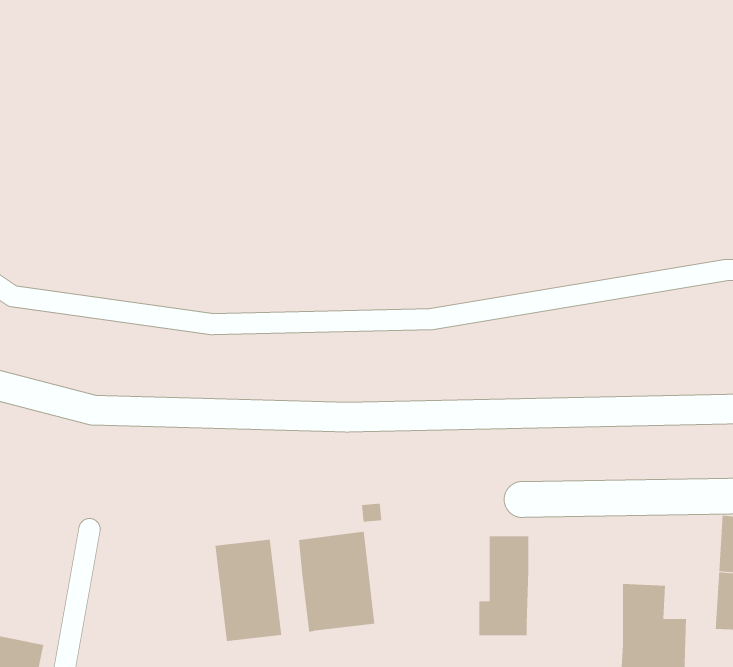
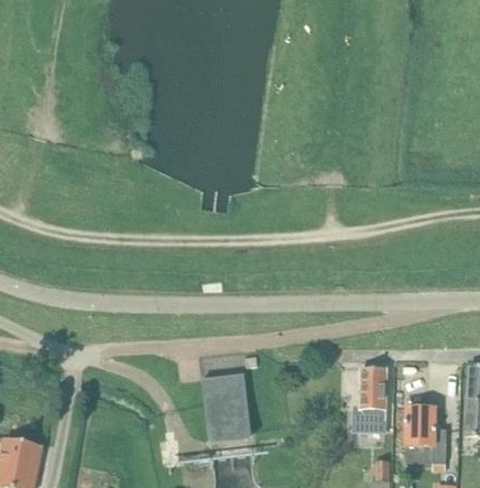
building: [478,536,529,636] -> [353,368,385,431]
building: [215,539,282,642] -> none

